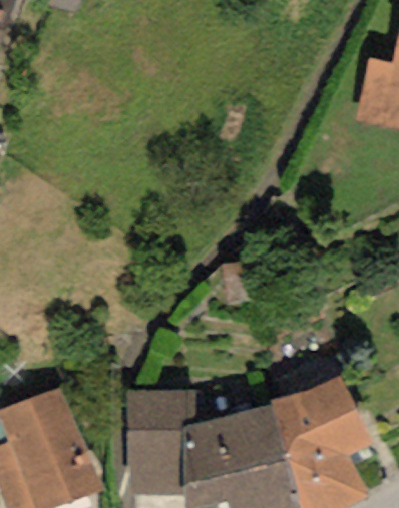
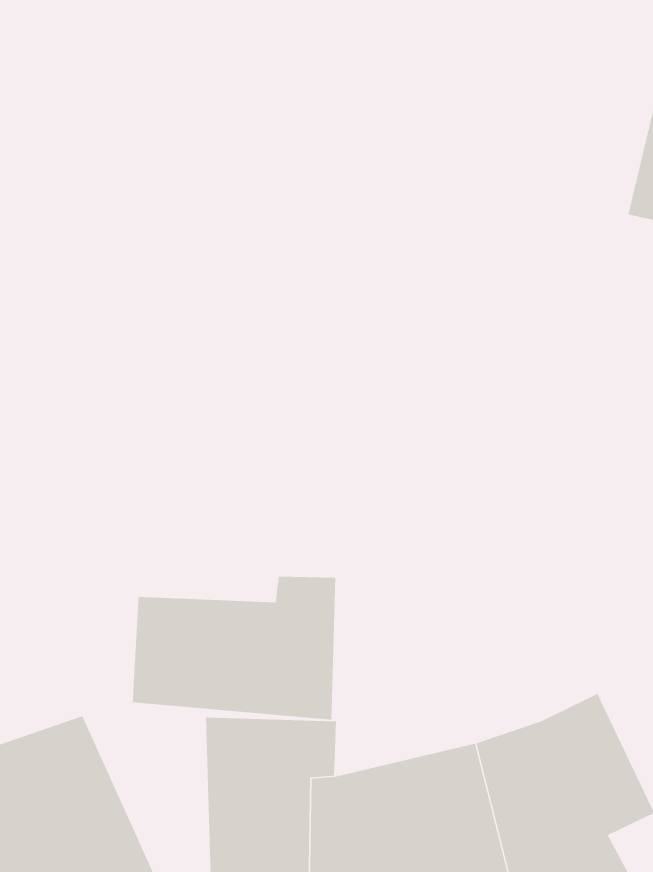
building: none -> [132,576,336,721]

